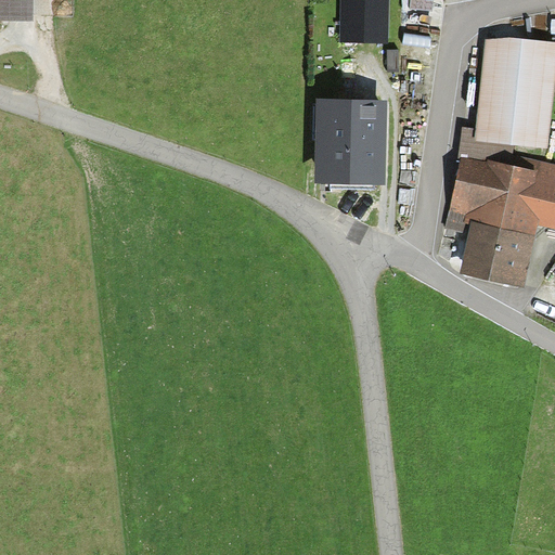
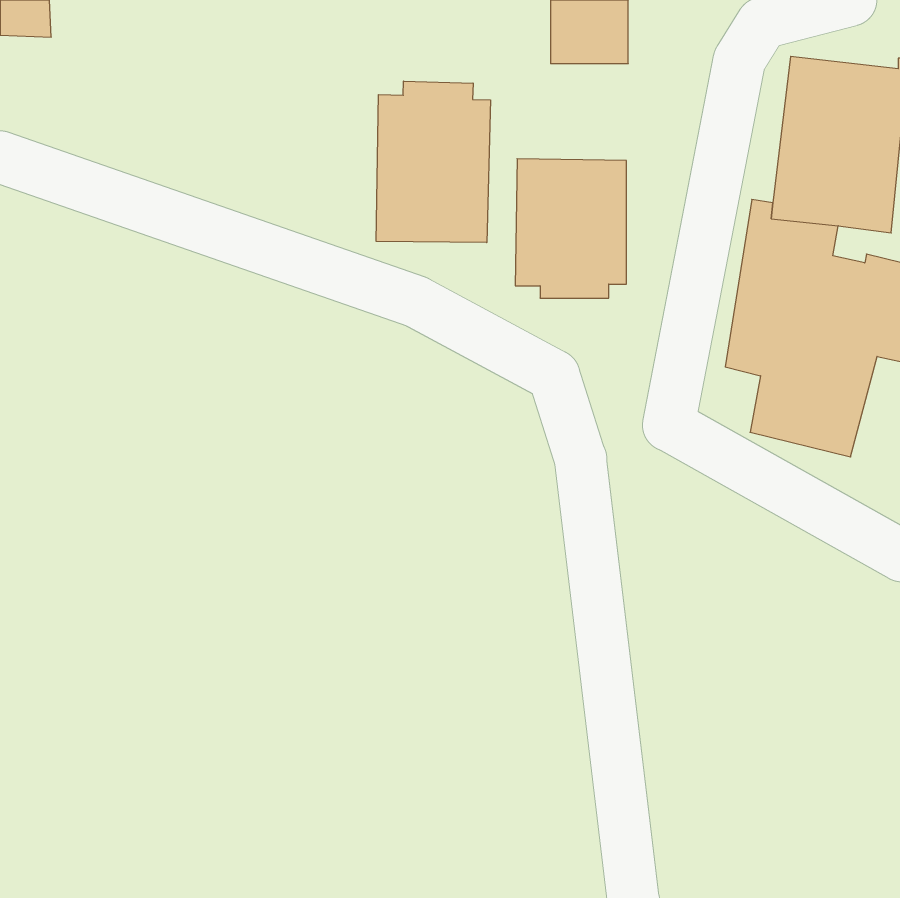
building: none -> [376,81,490,243]

